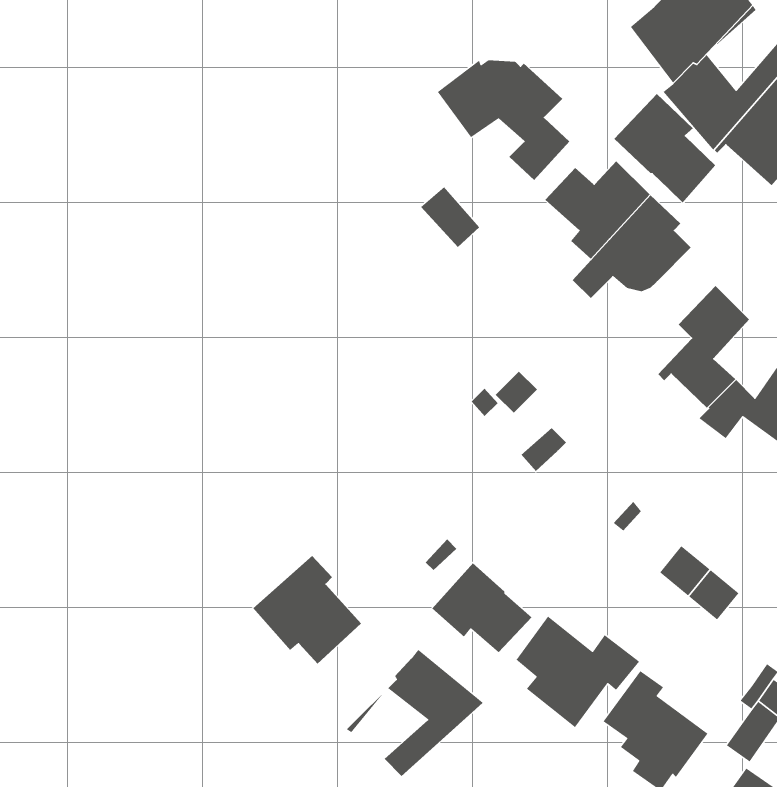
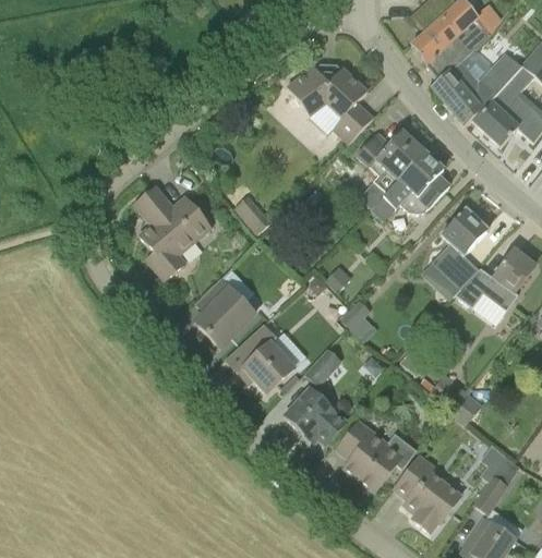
building: [613,93,716,203] -> none
building: [420,186,480,248] -> [233,194,272,233]
building: none -> [135,186,212,279]
building: none -> [195,278,255,347]
building: none -> [305,348,342,386]
building: [252,555,362,665] -> [226,324,296,393]
building: [346,649,487,777] -> none

